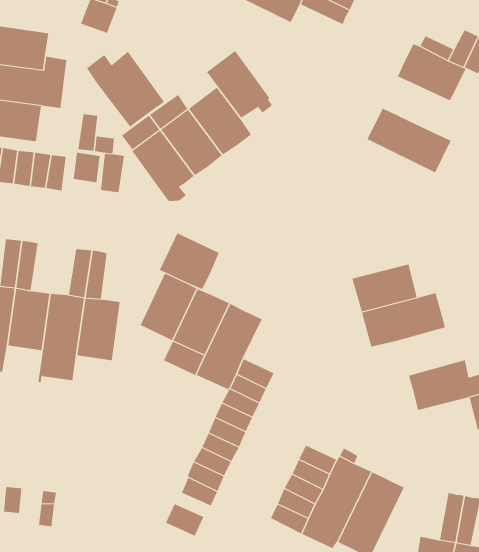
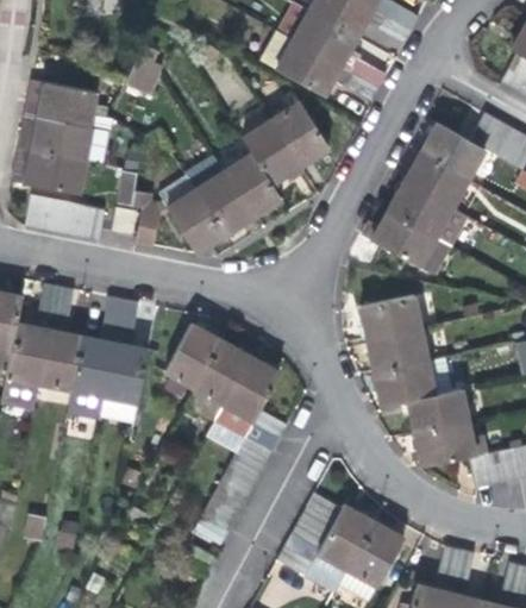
building: none -> [270,101,328,165]
building: [86,51,165,128] -> none
building: none -> [405,152,469,207]
building: none -> [365,209,451,275]
building: none -> [361,295,421,339]
building: [159,233,220,290] -> none
building: none -> [408,388,469,433]

